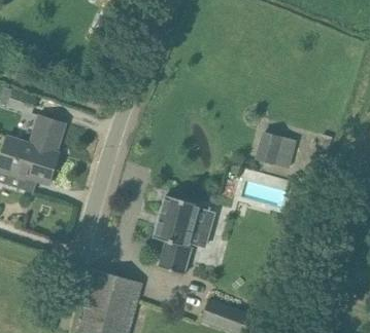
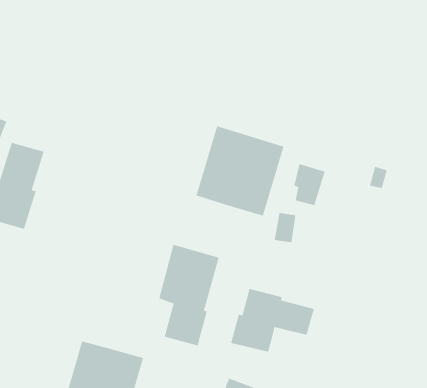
building: none -> [196,125,284,217]
building: none -> [231,288,315,352]

